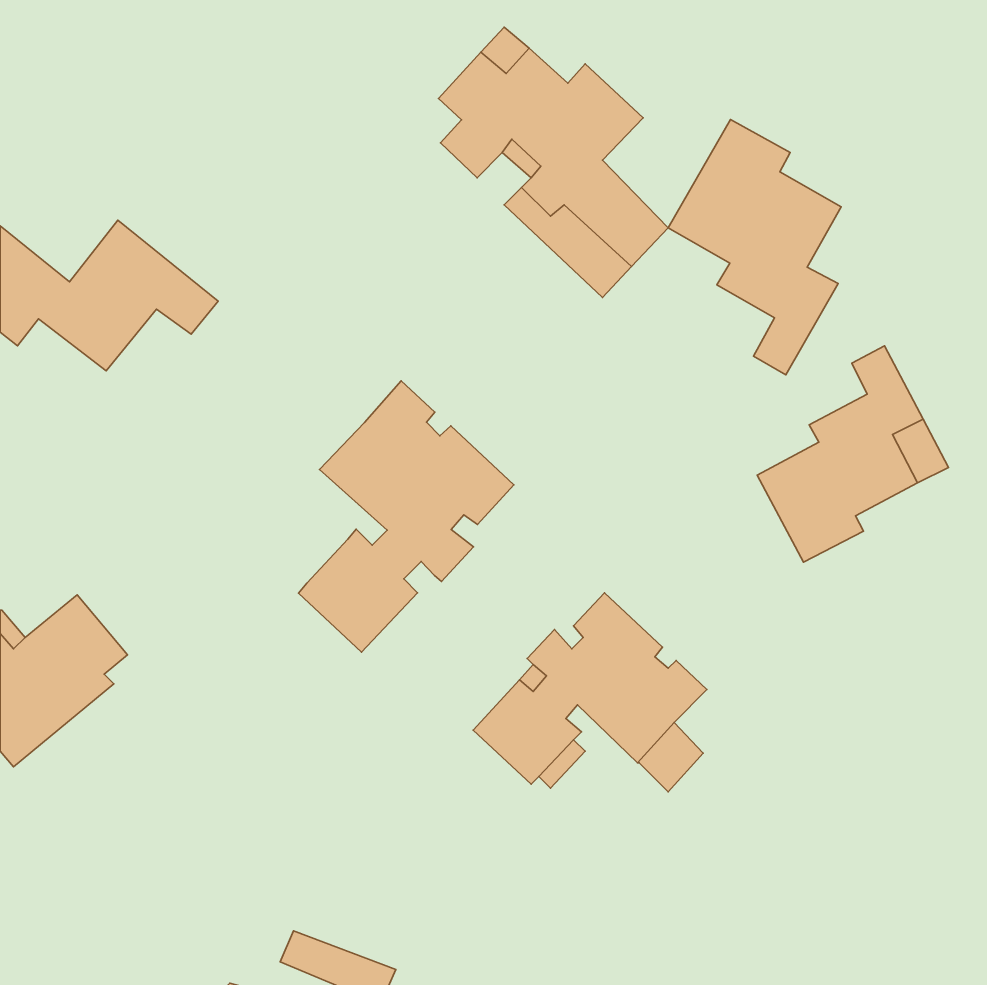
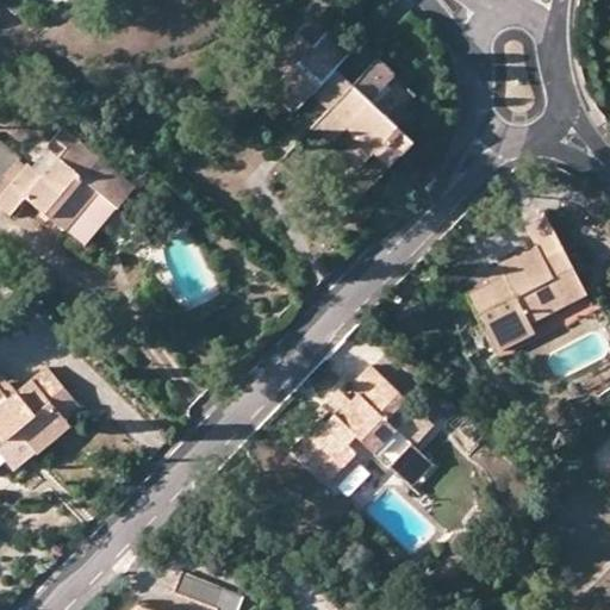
building: [668,119,841,375] -> none
building: none -> [66,192,118,247]
building: [298,381,514,652] -> none

